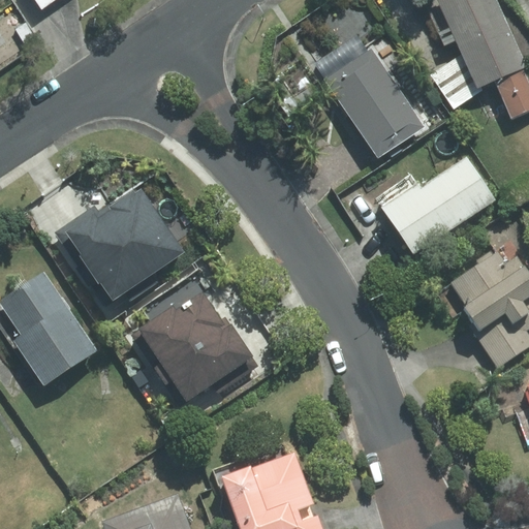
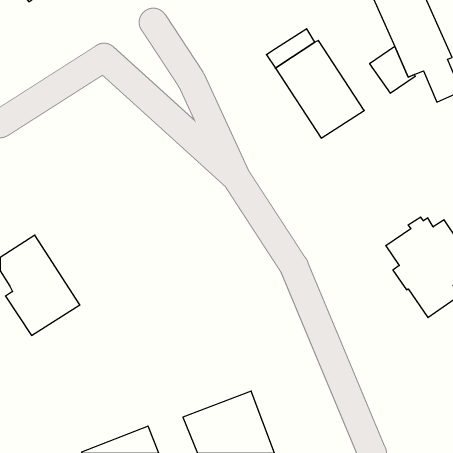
building: [381,154,498,255] -> none
building: [57,190,182,305] -> none
building: [130,294,250,406] -> none

